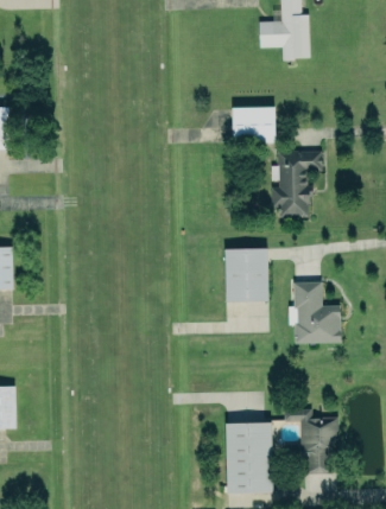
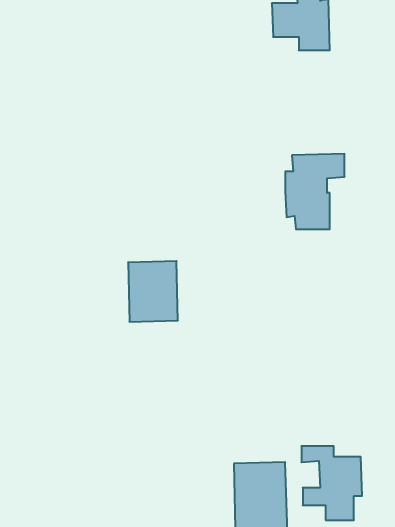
building: [232,108,276,142] -> none
building: [224,249,268,303] -> [128,261,178,322]
building: [289,282,341,344] -> none

